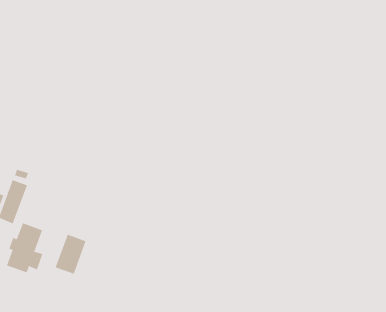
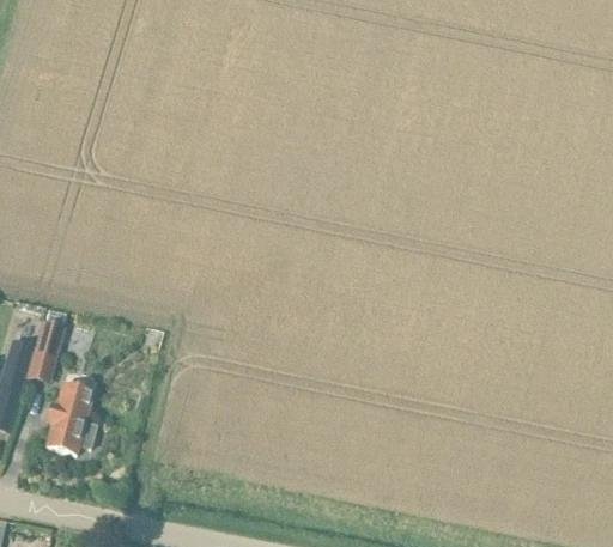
building: [55,234,86,274] -> none

